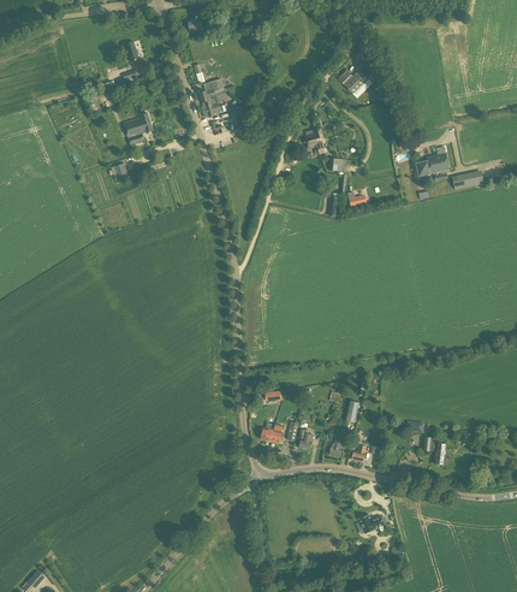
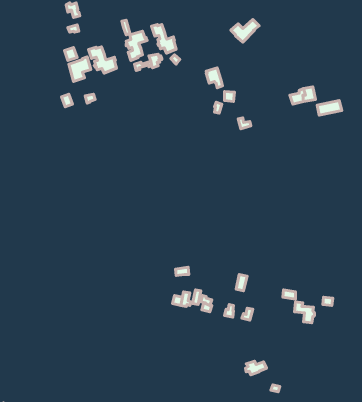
building: none -> [152,24,176,53]
building: none -> [88,47,117,73]

